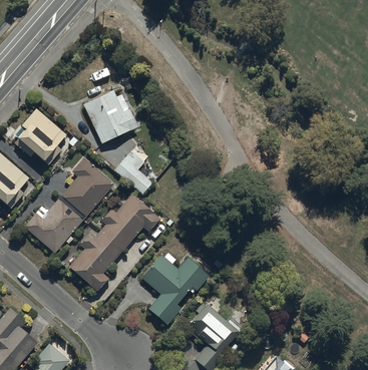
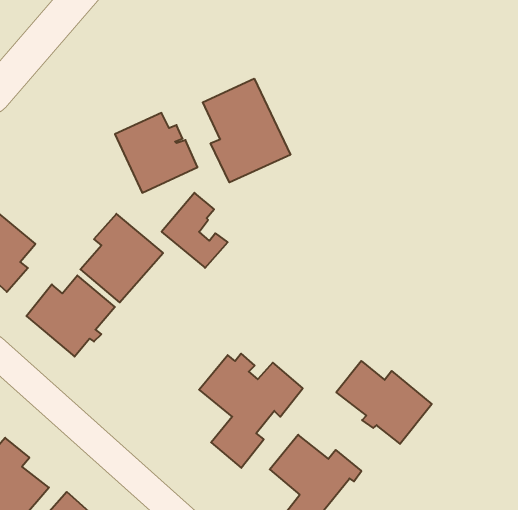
building: none -> [203,79,290,182]
building: [13,107,67,164] -> none
building: [68,195,160,293] -> none
building: none -> [336,361,432,444]

